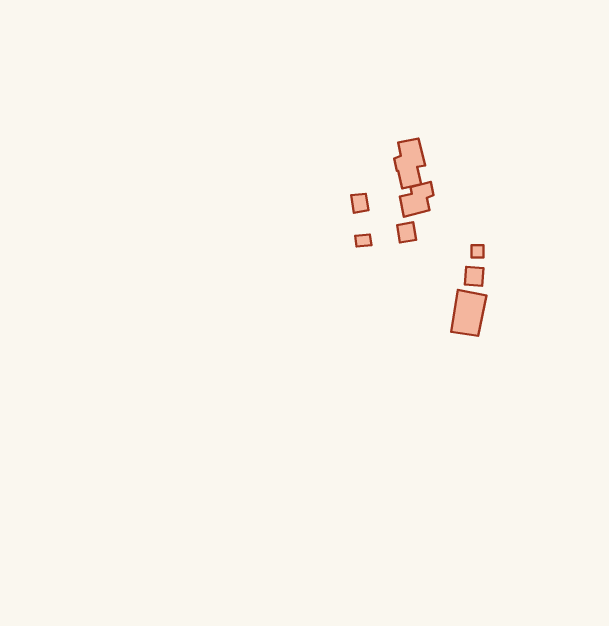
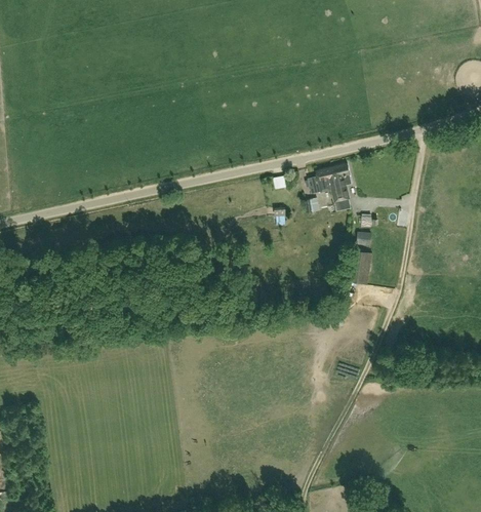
building: [394,138,425,188] -> [328,164,352,202]

